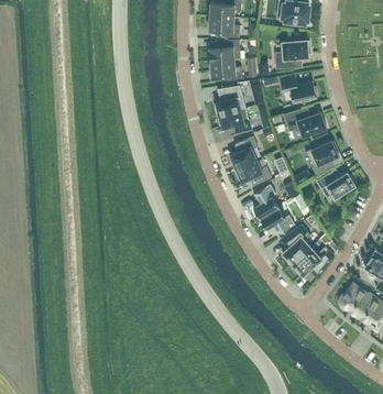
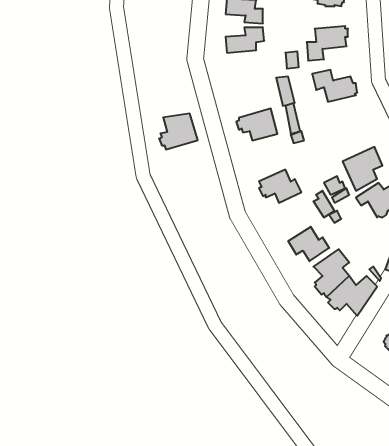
building: [210,59,243,80] -> none
building: [215,86,247,116] -> [159,114,198,149]
building: [284,109,326,136] -> none
building: [230,135,259,168] -> none
building: [253,184,280,218] -> none

